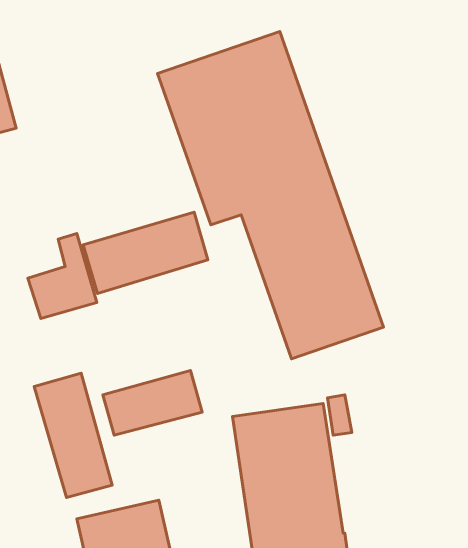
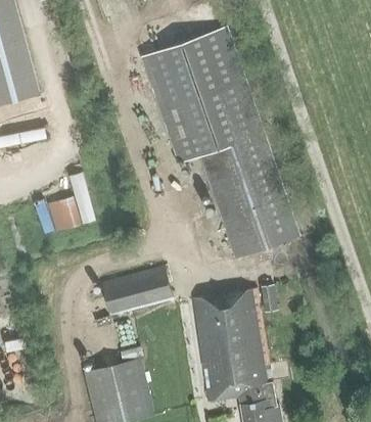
building: [83,212,208,294] -> none
building: [34,373,112,498] -> none

